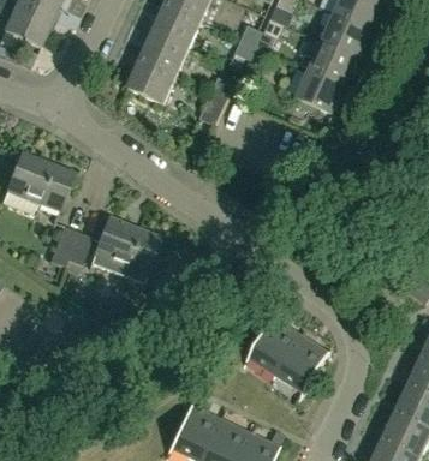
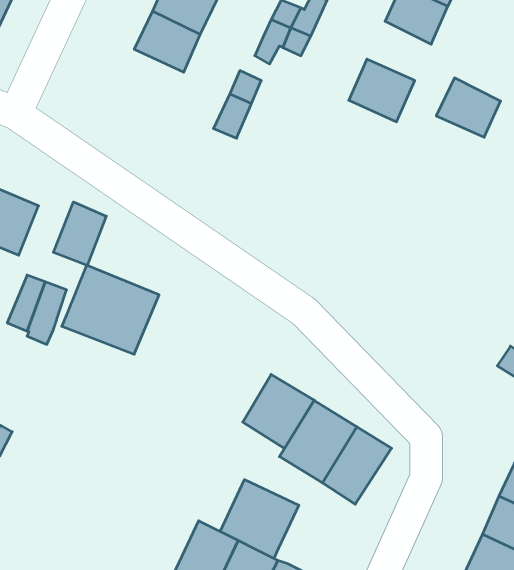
building: [310,38,357,82] -> [436,78,501,137]
building: [127,59,177,103] -> none
building: none -> [53,202,106,265]
building: none -> [243,374,314,449]
building: none -> [220,480,299,558]

